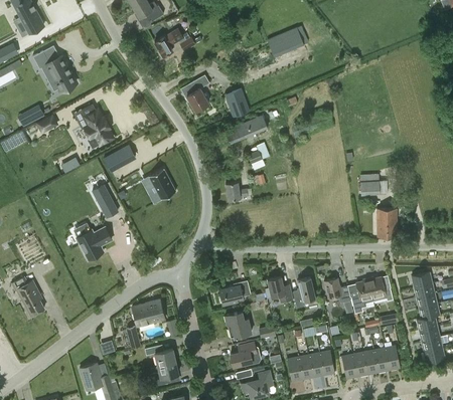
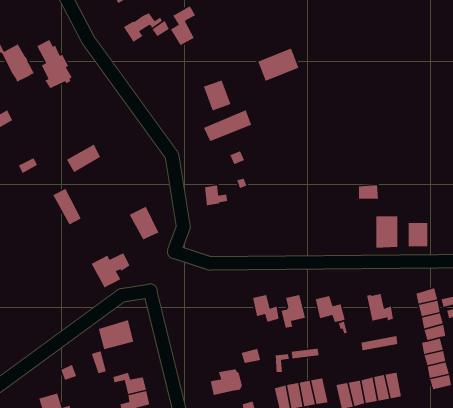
building: [267,27,304,57] -> [257,47,299,82]
building: [186,74,209,111] -> [170,5,196,46]
building: [81,104,113,148] -> [36,39,73,89]
building: [149,169,176,199] -> [129,206,160,241]
building: none -> [408,222,428,247]
building: [77,228,112,260] -> [91,252,131,289]
building: [351,278,373,314] -> none
building: [218,282,251,306] -> none
building: [224,312,252,338] -> none

